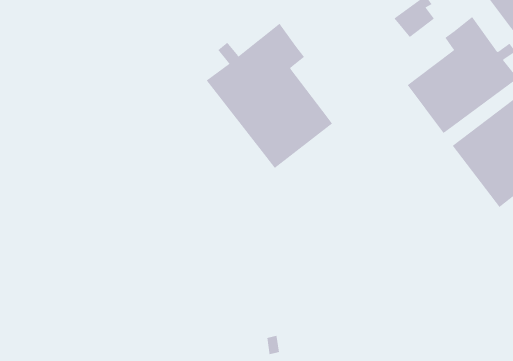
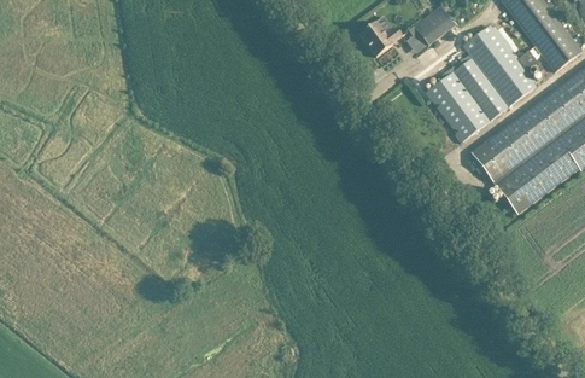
building: none -> [361,21,403,56]
building: [206,23,333,169] -> none

